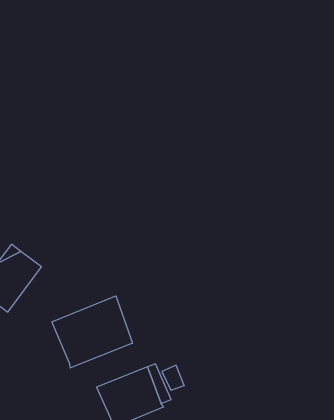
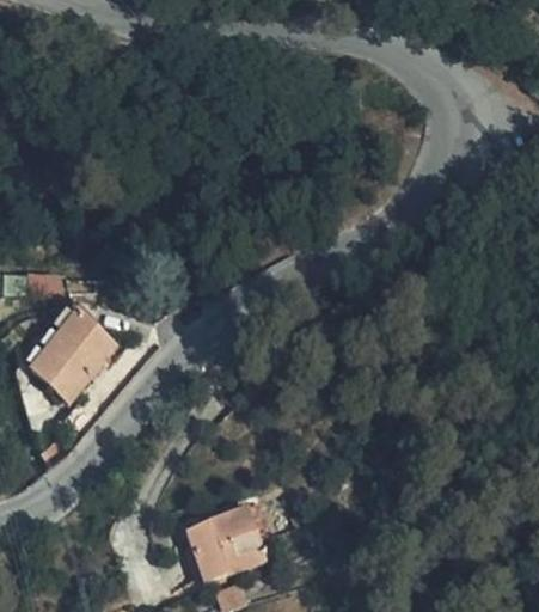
building: [52,296,132,368] -> none

